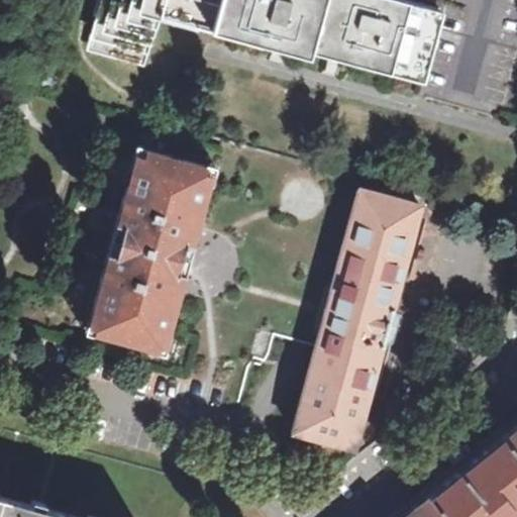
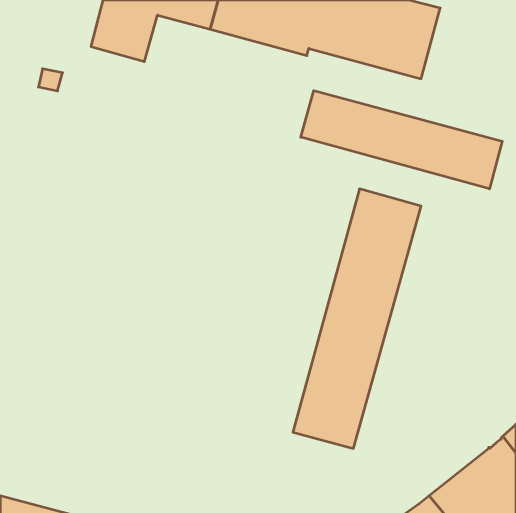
building: none -> [301,91,502,189]
building: [93,151,209,353] -> none

